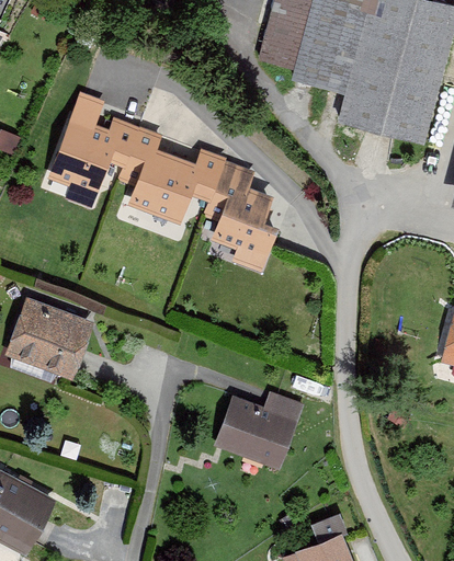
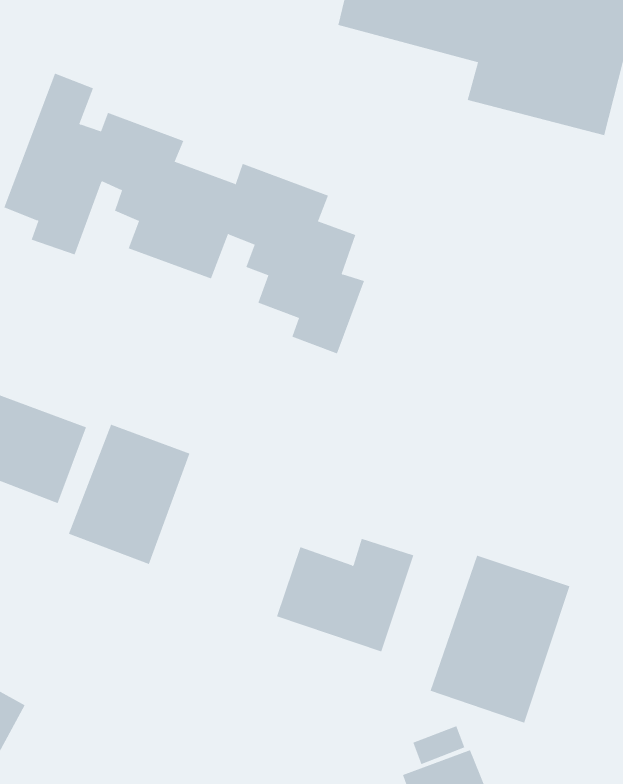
building: none -> [68,424,190,565]
building: none -> [430,555,570,723]

